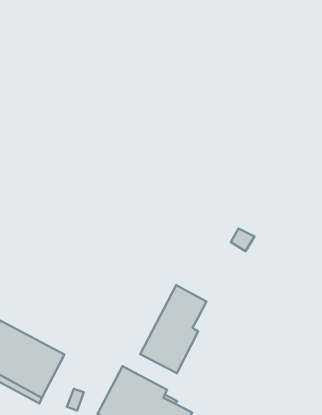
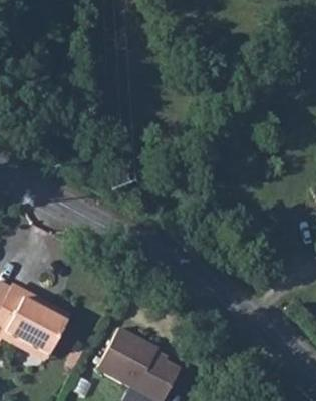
building: [140,285,206,373] -> none

